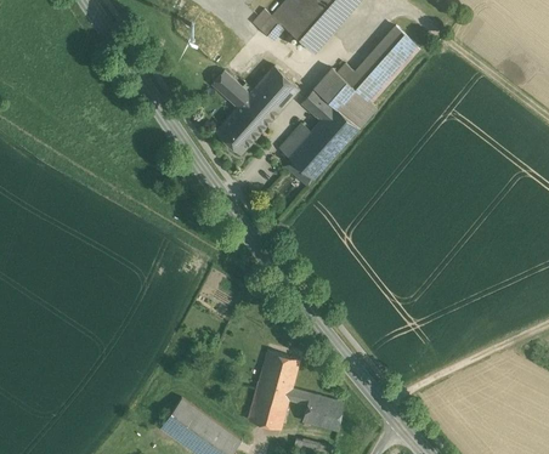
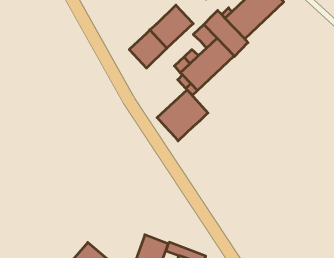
building: [211,70,249,107] -> none
building: none -> [157,90,208,141]
building: [257,350,299,390] -> none

